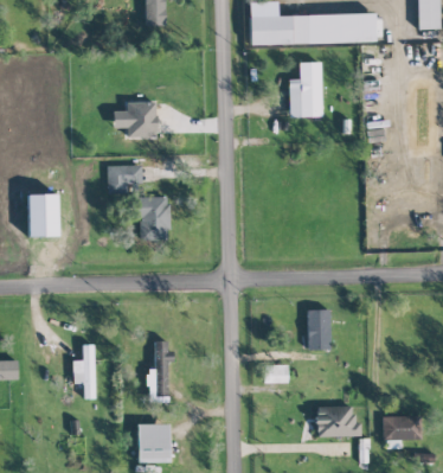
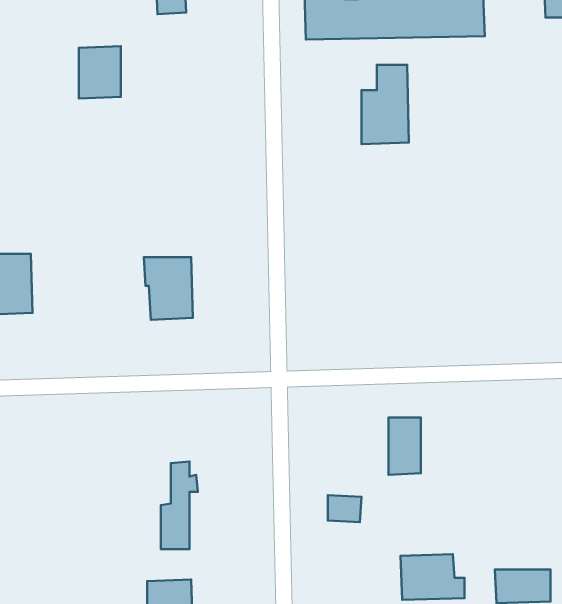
building: [127,101,156,138] -> [79,46,121,98]
building: [108,165,142,193] -> none
building: [73,344,95,398] -> none

